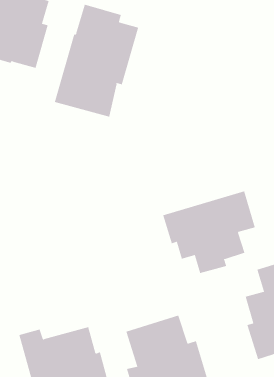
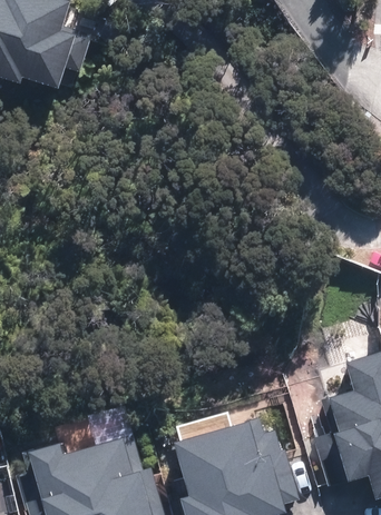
building: [54,4,139,117] -> none
building: [163,190,255,274] -> none

